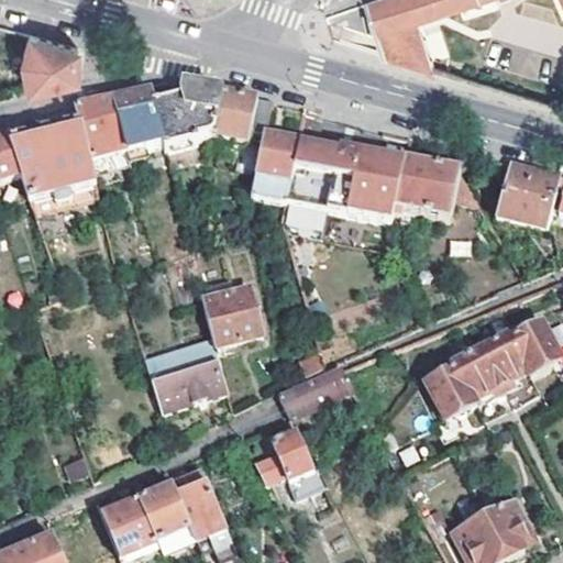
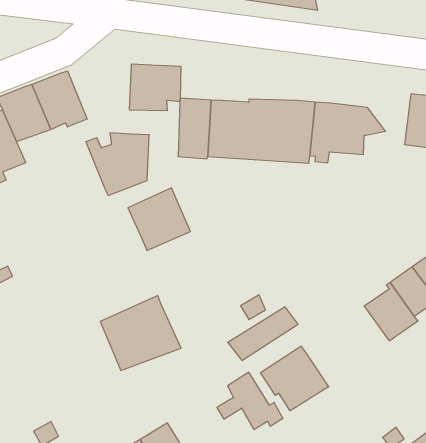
building: [152,81,219,146] -> [86,133,149,195]
building: [201,283,263,344] -> [128,188,190,250]
building: none -> [261,346,329,411]

